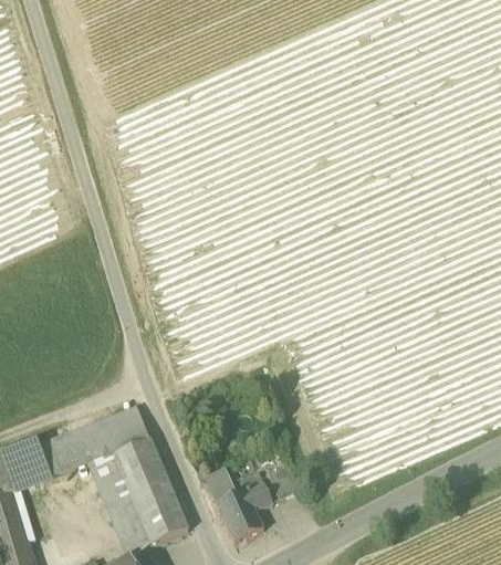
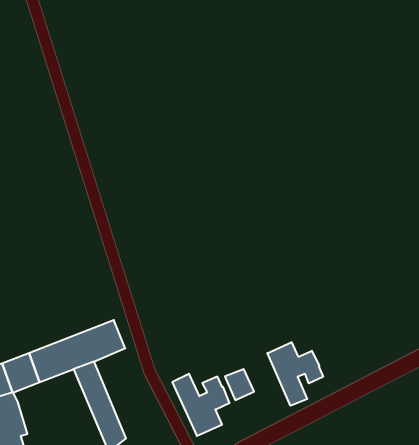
building: none -> [267,342,323,406]
building: [113,439,188,545] -> none

